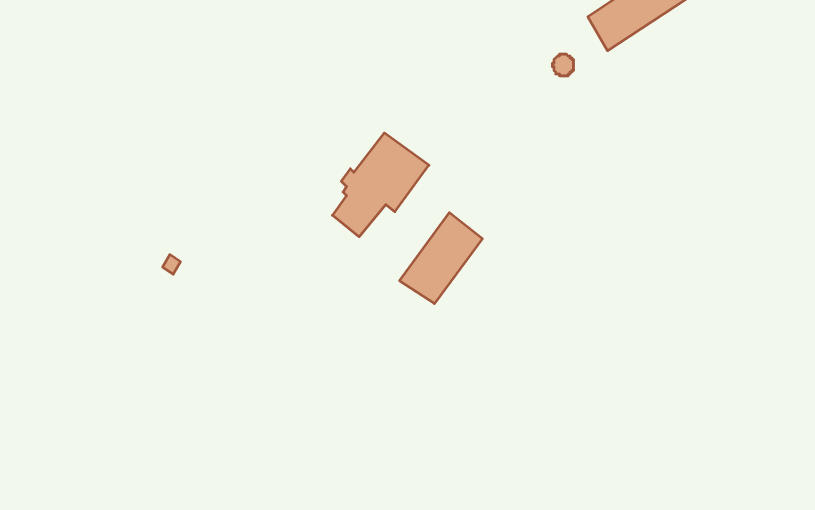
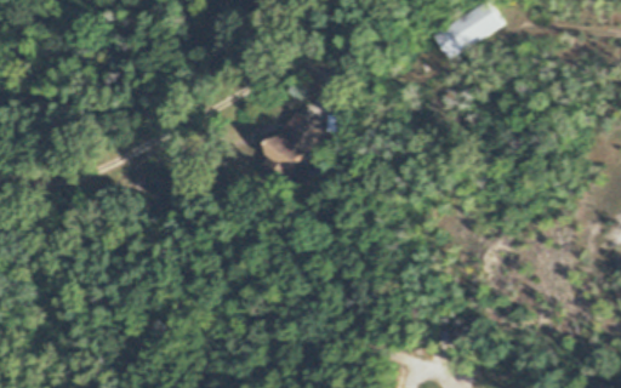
building: [400,213,482,304] -> none

